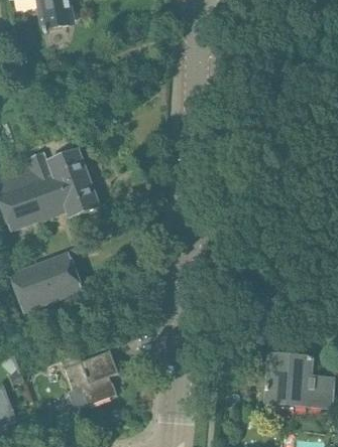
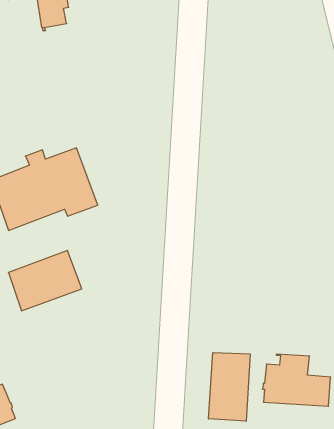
building: [60,350,118,405] -> none
building: none -> [209,353,250,421]

